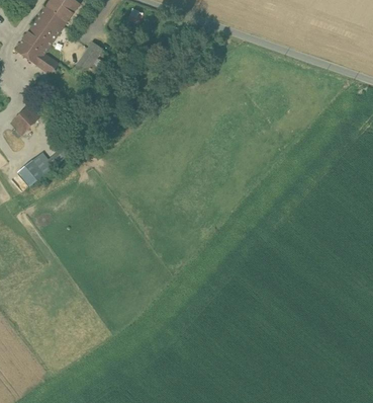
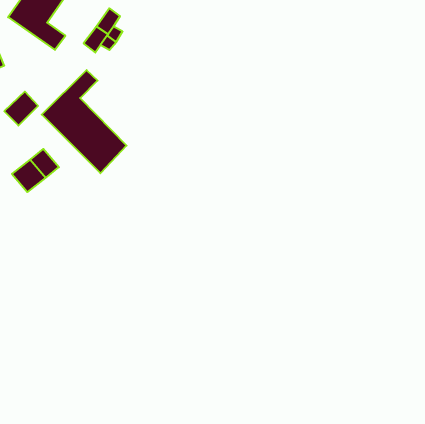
building: none -> [42,70,127,173]

